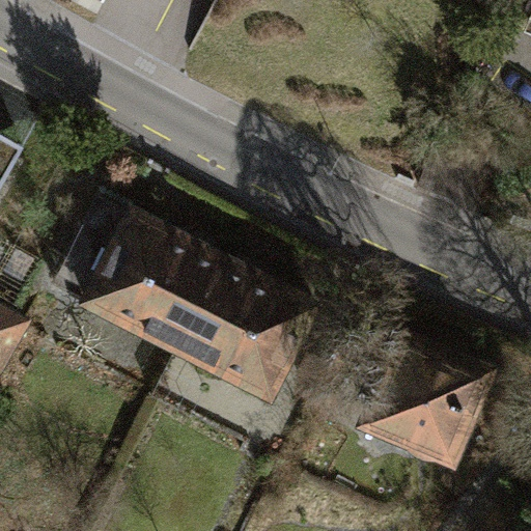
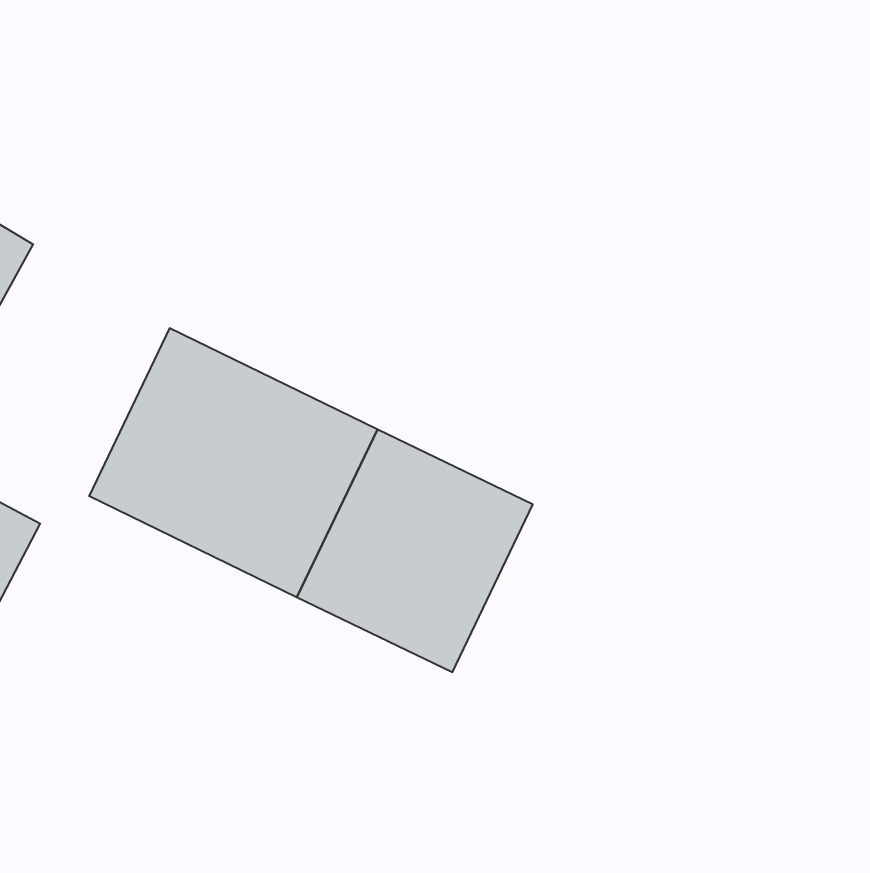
building: [360,346,490,470] -> none

